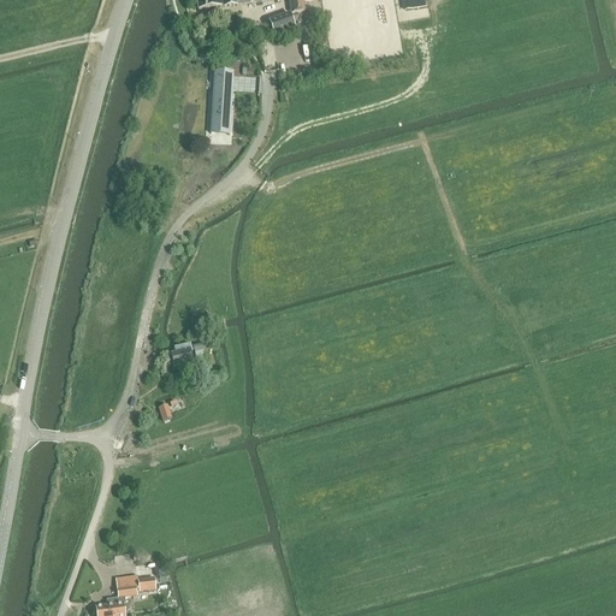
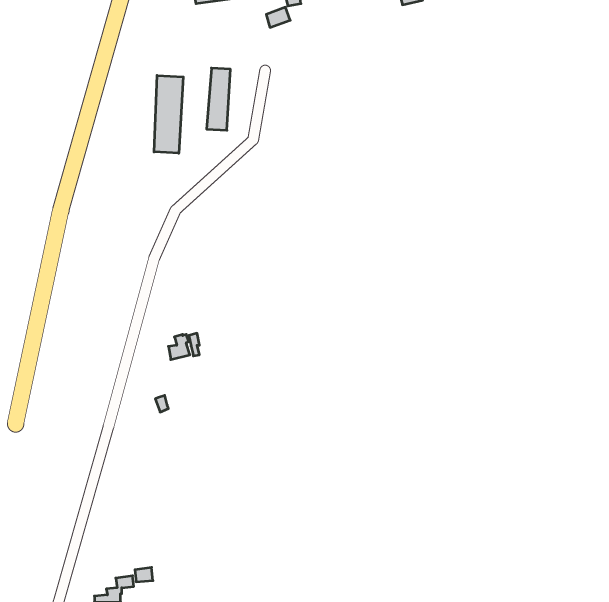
building: none -> [154,75,183,153]

